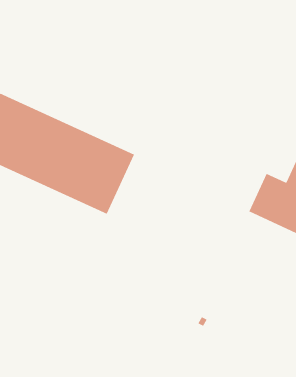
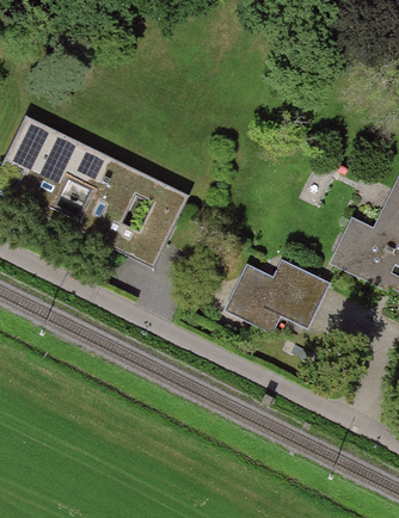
building: none -> [234,255,340,341]

